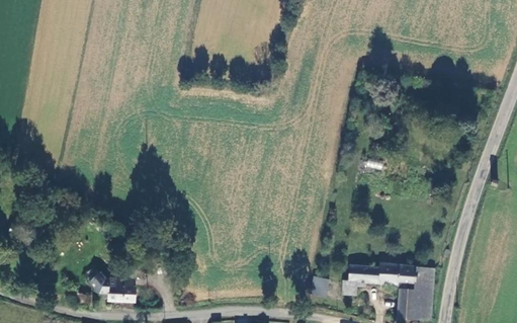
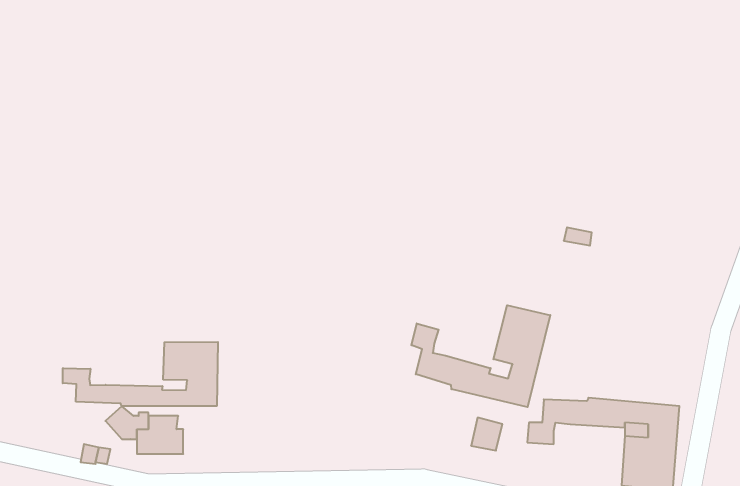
building: none -> [411,305,550,407]
building: none -> [63,342,218,406]

